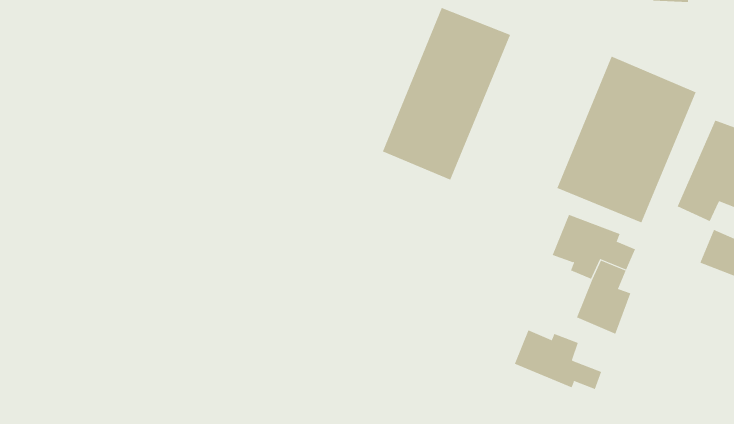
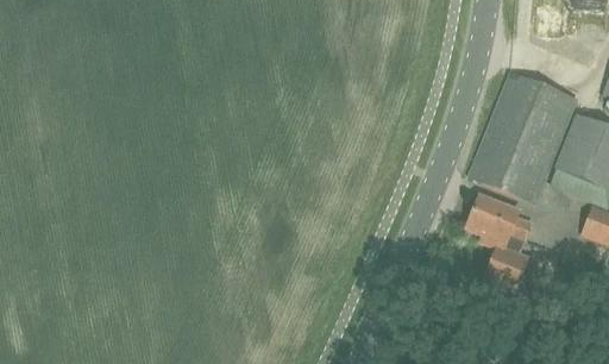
building: [382,7,511,181] -> none
building: [514,329,602,390] -> none

